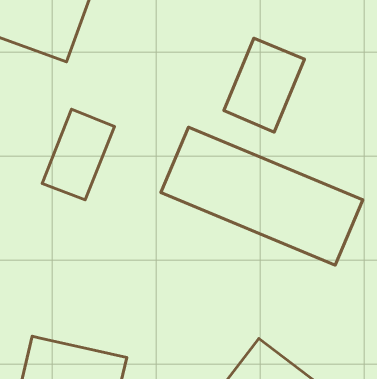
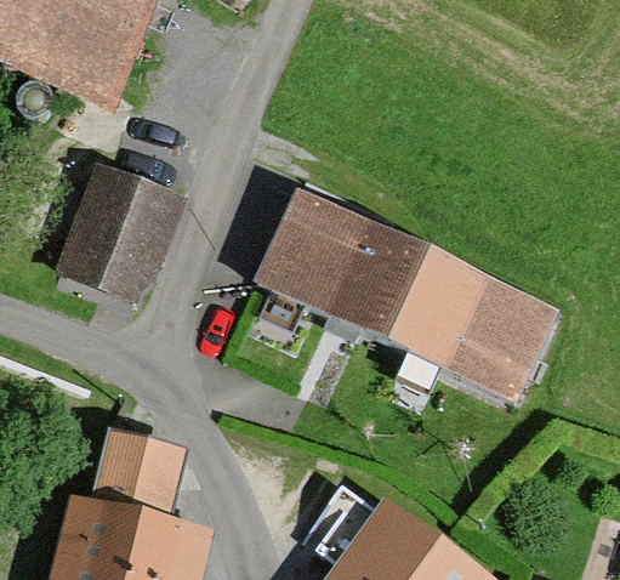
building: [224,38,304,132] -> none
building: none -> [85,436,172,524]

